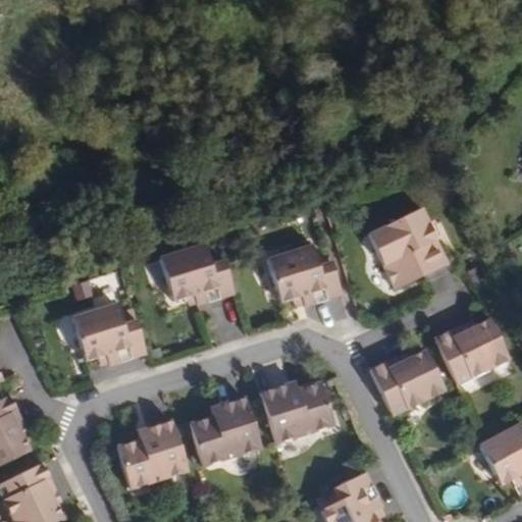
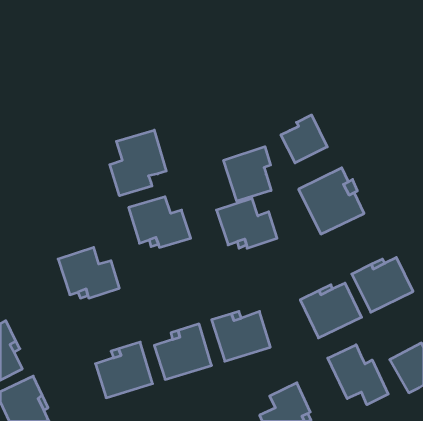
building: none -> [281,115,327,163]
building: none -> [110,130,166,196]
building: none -> [224,147,271,201]
building: none -> [328,345,388,405]

